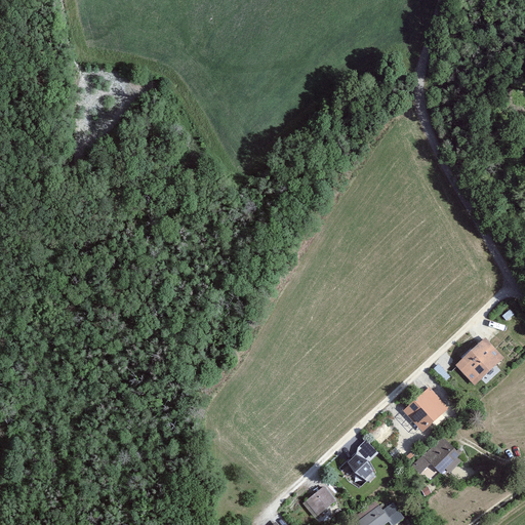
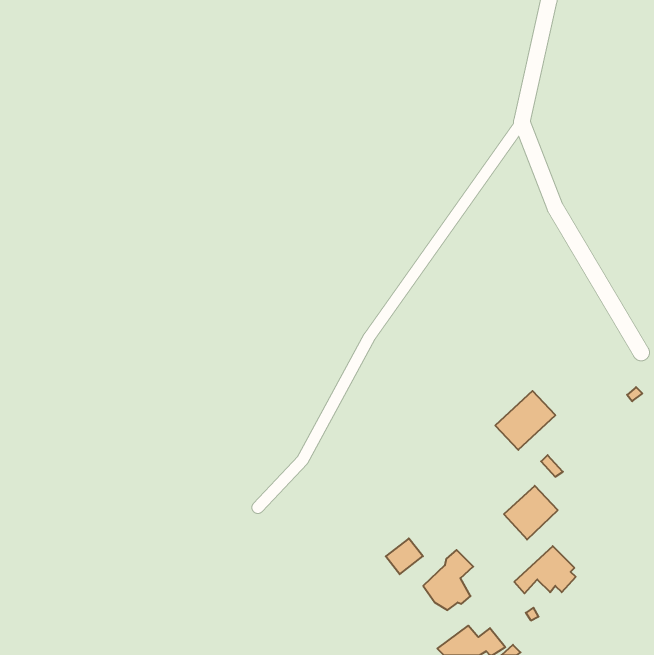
building: [455,338,503,386] -> [495,391,555,450]
building: [305,487,334,516] -> [386,538,423,574]

